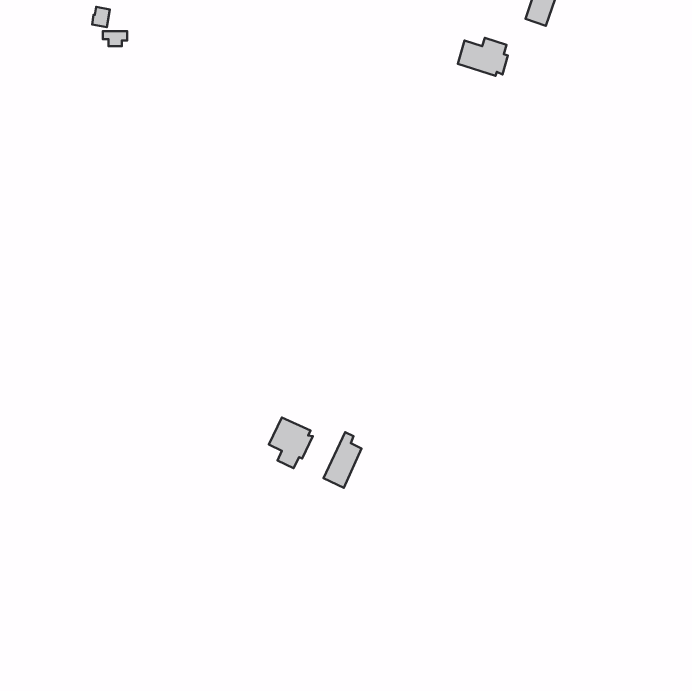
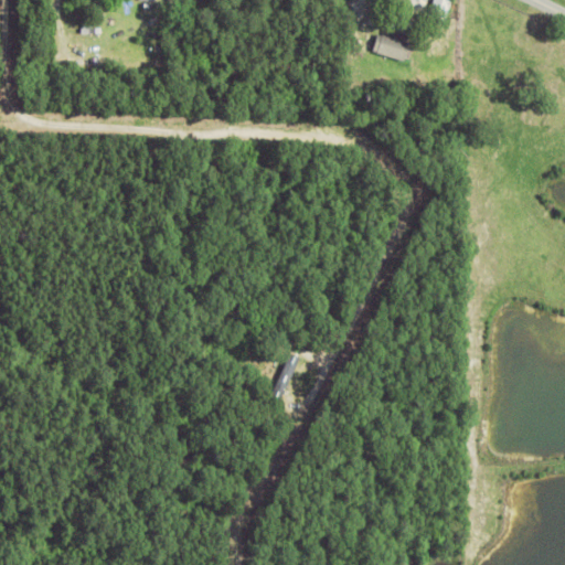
building: [269,417,313,468] -> none

